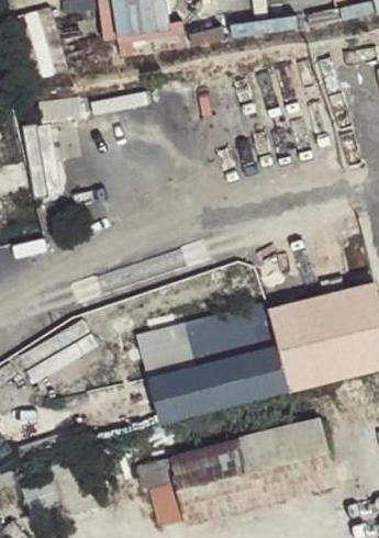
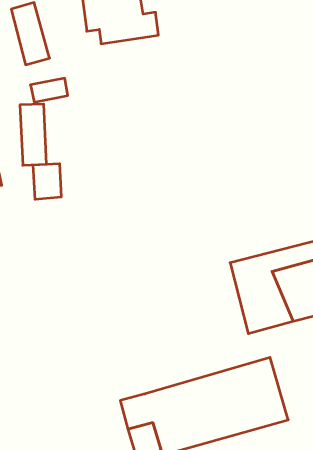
building: none -> [33,164,61,199]
building: [140,299,291,422] -> none

